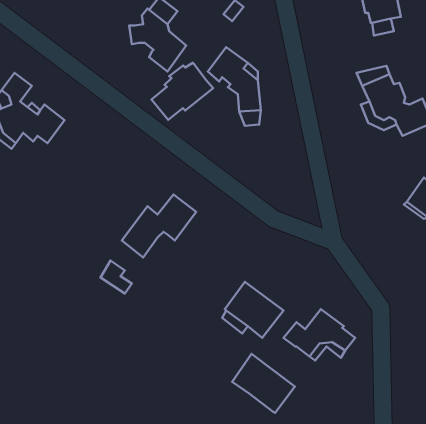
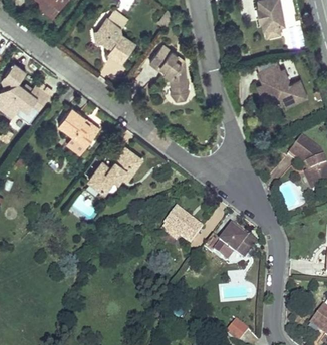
building: [152,63,213,120] -> none
building: none -> [58,107,100,154]
building: [232,354,295,413] -> none

